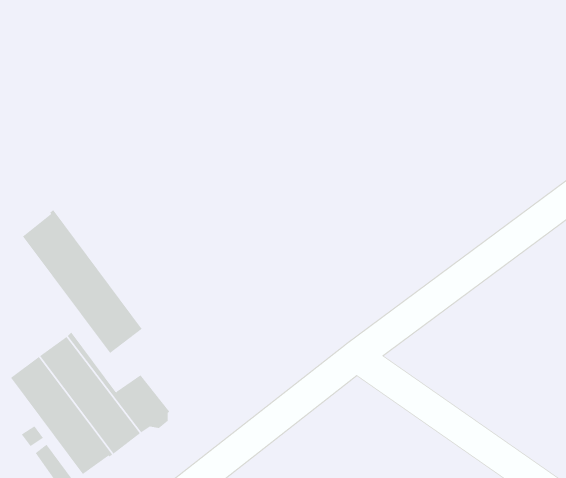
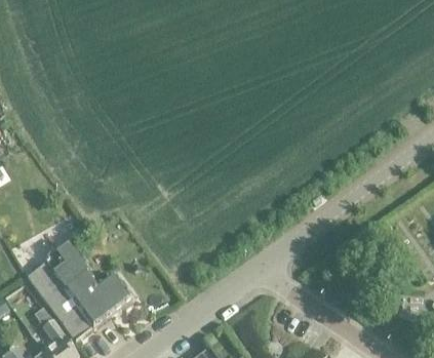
building: [22,209,143,354] -> none

